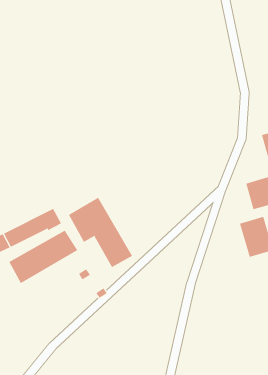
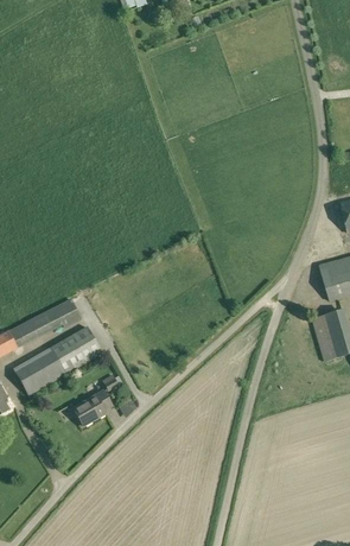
building: [68,197,133,268] -> none
building: none -> [71,389,112,425]

